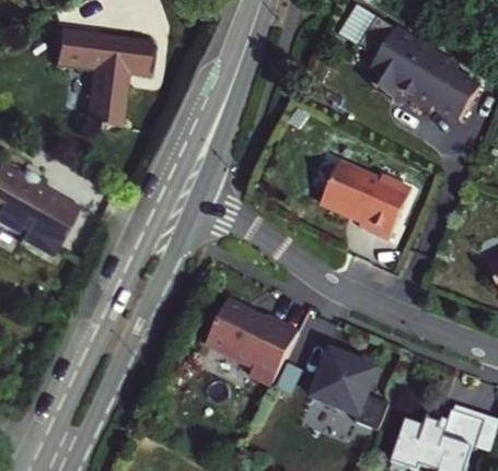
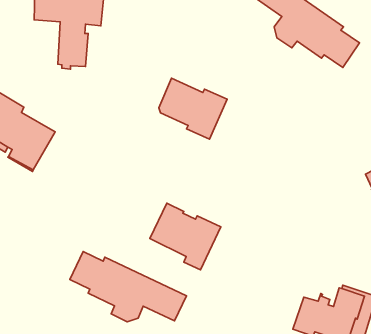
building: [323,160,412,238] -> [159,78,227,139]
building: [311,349,389,428] -> none
building: none -> [70,252,186,322]

